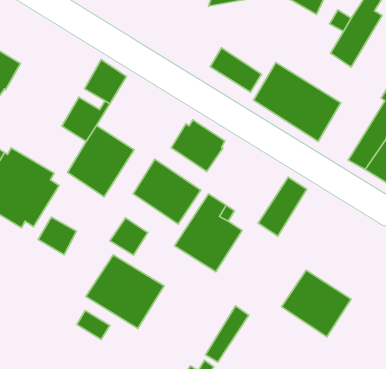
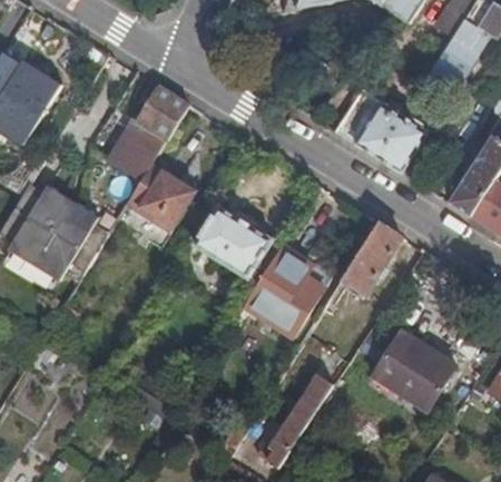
building: [210,48,262,92] -> none
building: [171,120,225,172] -> none
building: [38,217,76,255] -> none
building: [110,218,148,255] -> none
building: [86,255,164,328] -> none

